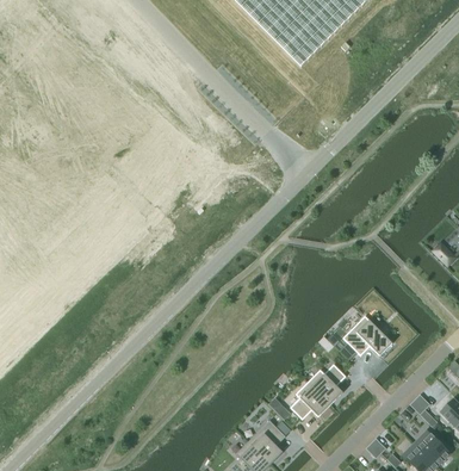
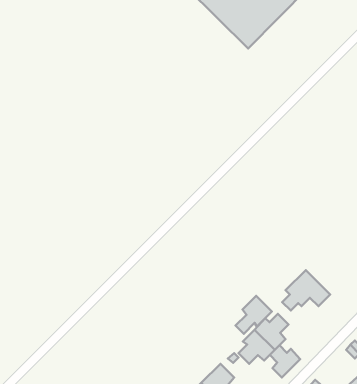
building: none -> [236,296,272,334]
building: none -> [270,345,300,377]

